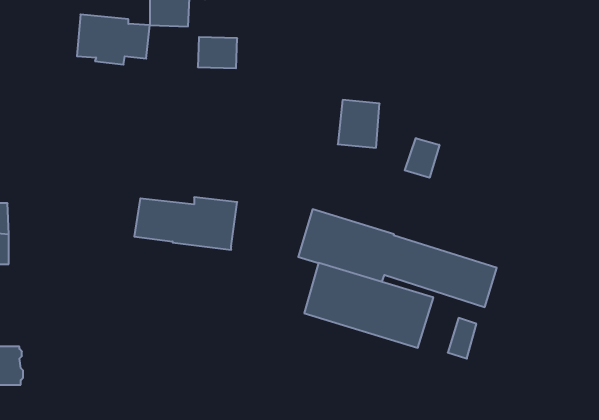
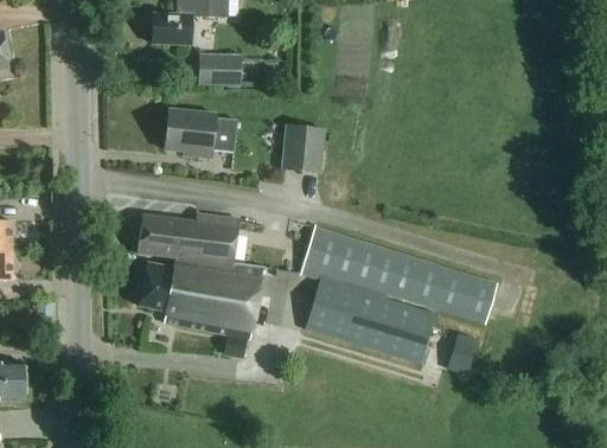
building: [77,14,150,65] -> [165,108,237,158]
building: [338,100,380,148] -> [282,124,324,172]
building: [405,138,439,178] -> none
building: none -> [140,258,266,339]

